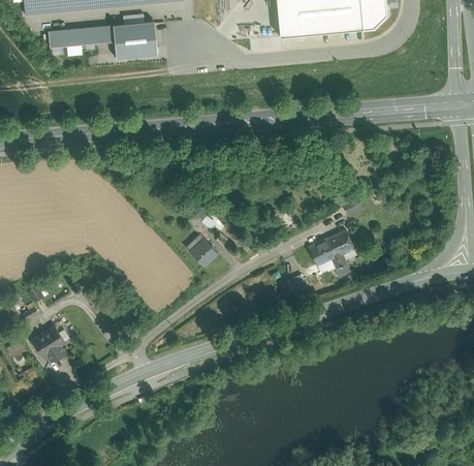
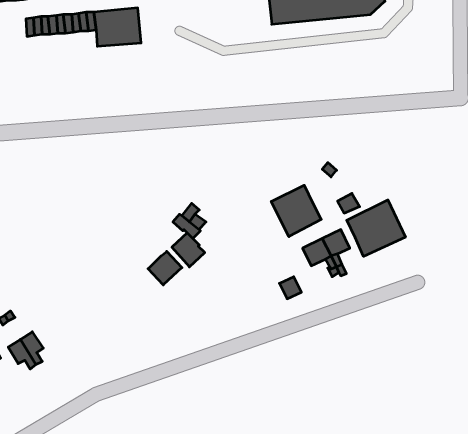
building: none -> [271,185,321,237]
building: none -> [347,200,405,256]
building: none -> [148,251,182,285]

